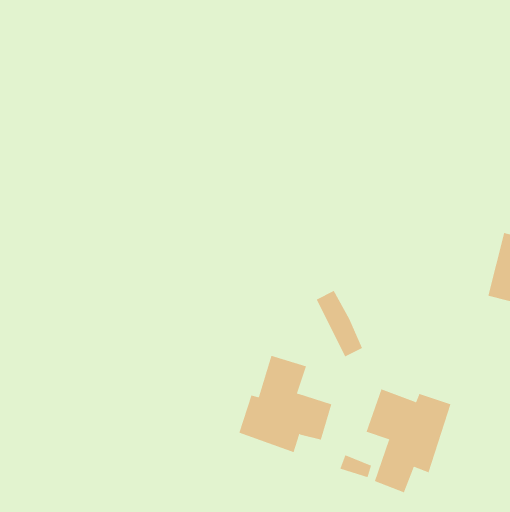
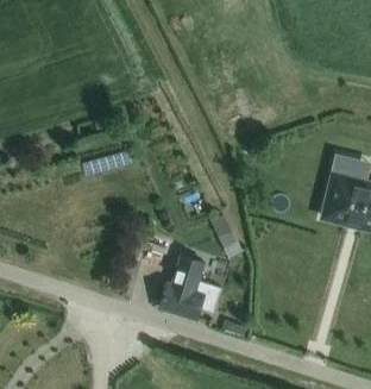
building: [366,389,451,493] -> none

